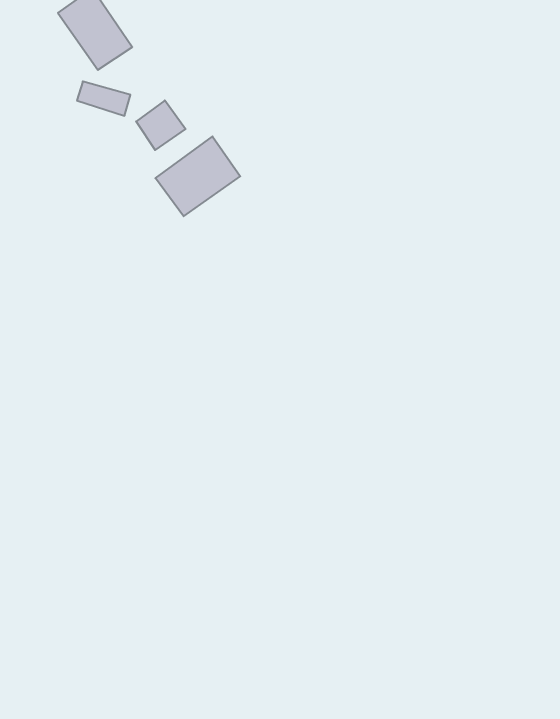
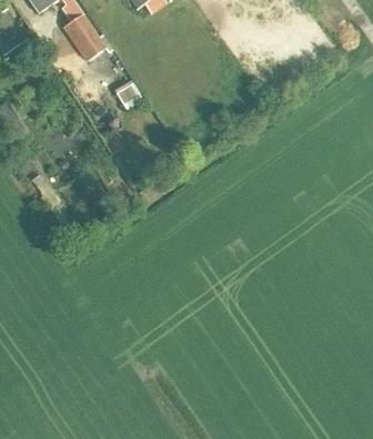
building: [155,136,240,216] -> none

